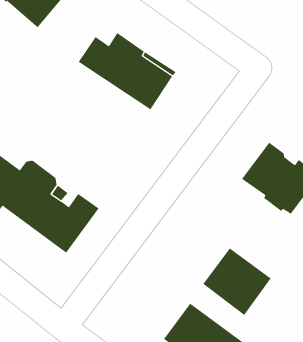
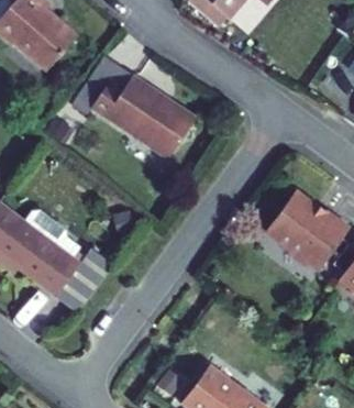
building: [202,248,271,316] -> none

